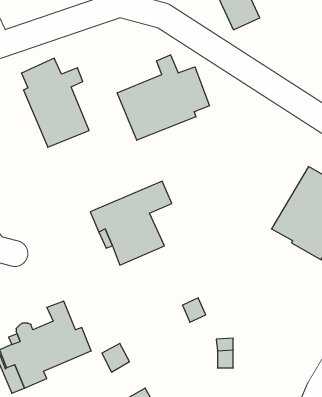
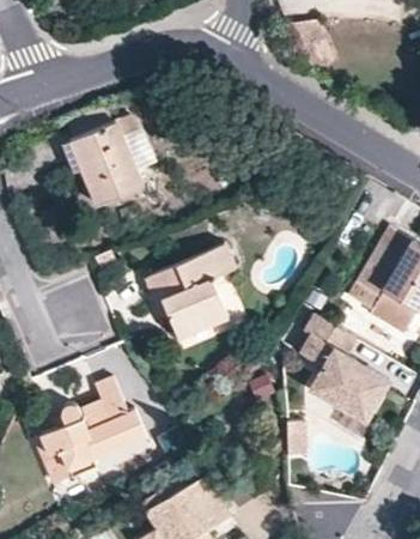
building: [117,55,210,140] -> none
building: none -> [299,315,389,420]

